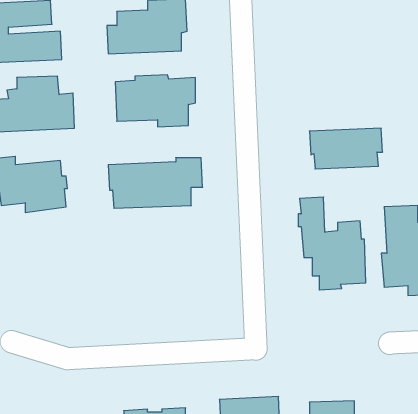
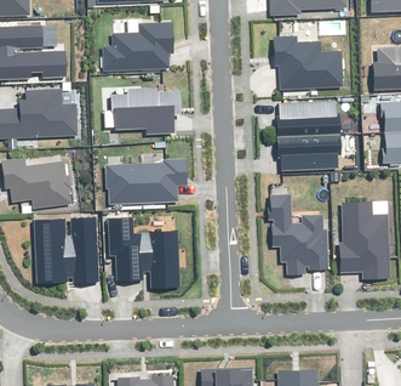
building: none -> [275,36,343,89]
building: none -> [277,100,340,137]
building: none -> [34,217,99,284]
building: none -> [109,218,179,288]

